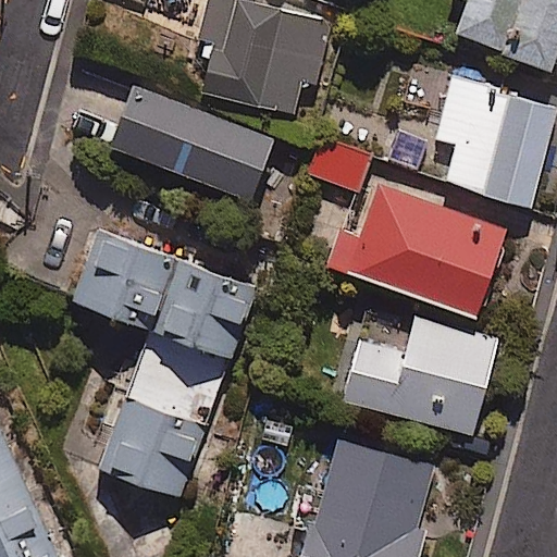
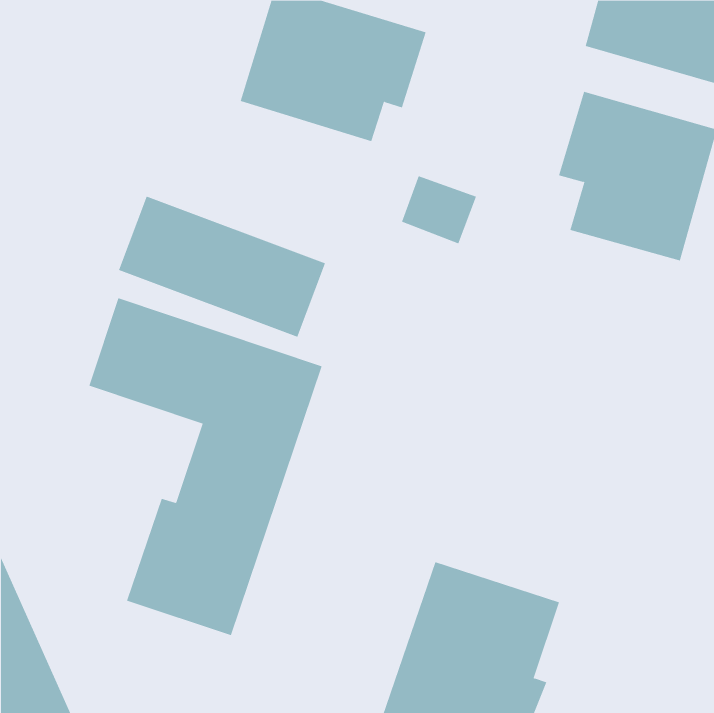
building: [110,88,271,198] -> [118,196,326,338]
building: [325,182,502,317] -> none
building: [338,318,498,435] -> none

